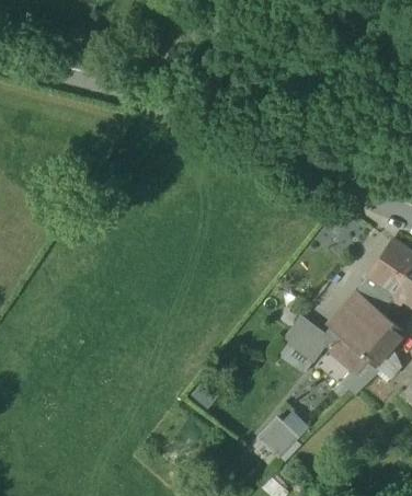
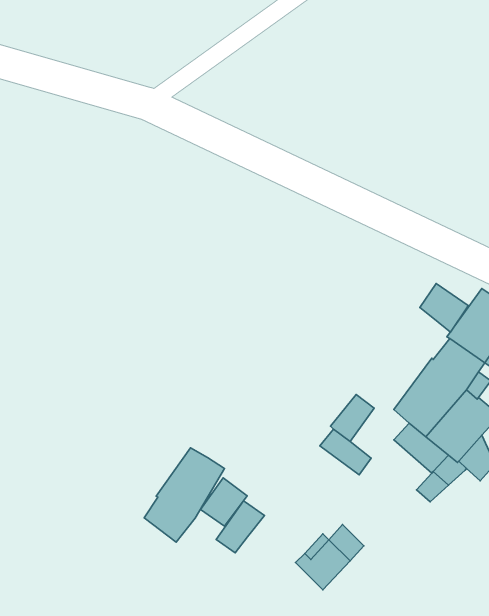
building: none -> [420,283,468,332]
building: [297,325,331,361] -> none
building: none -> [144,448,225,542]
building: none -> [216,501,265,553]

